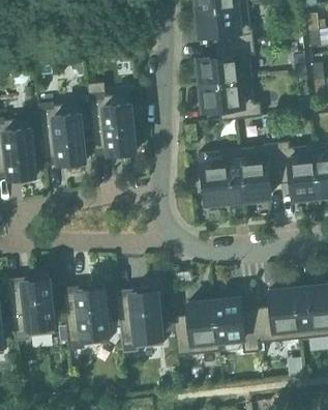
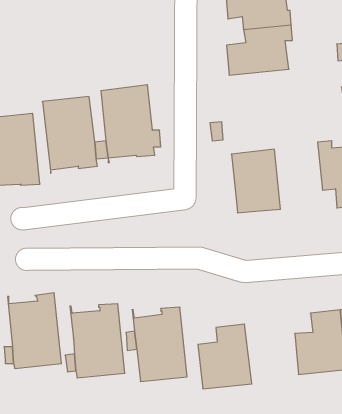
building: [201,80,262,121] -> none
building: [240,143,281,201] -> none
building: [214,298,261,354] -> none

